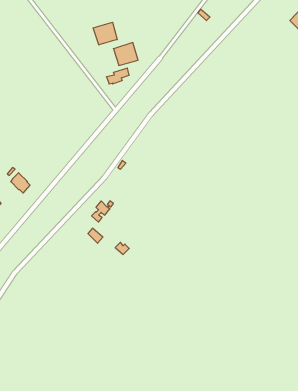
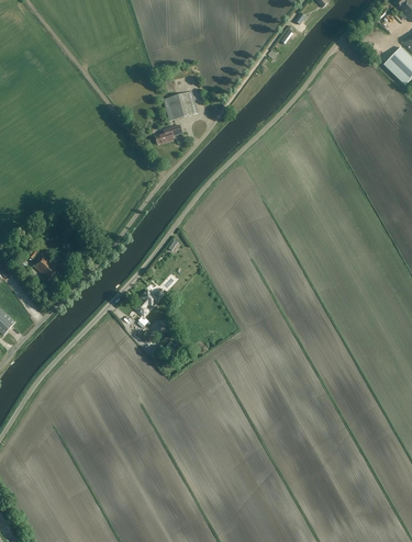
building: [93,22,117,45] -> none

